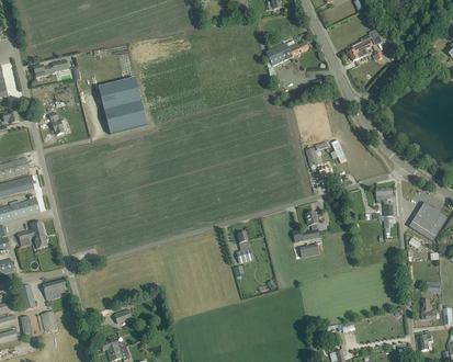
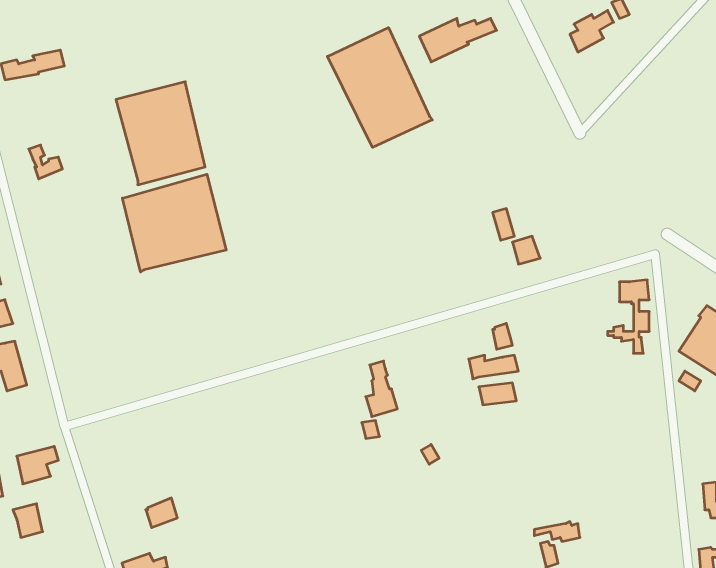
building: none -> [327,28,432,147]
building: none -> [122,174,226,272]

